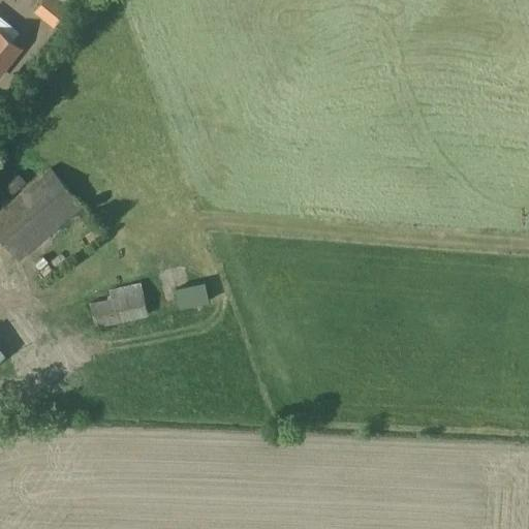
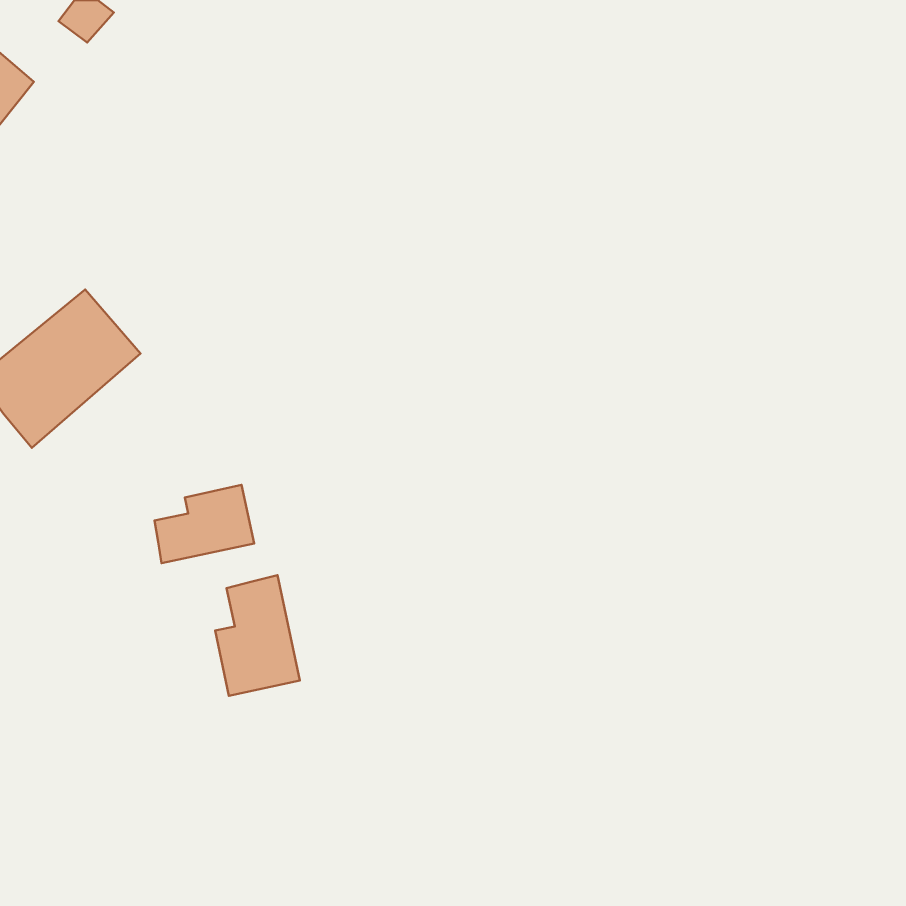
building: [175,283,209,308] -> none
building: none -> [215,575,300,696]

